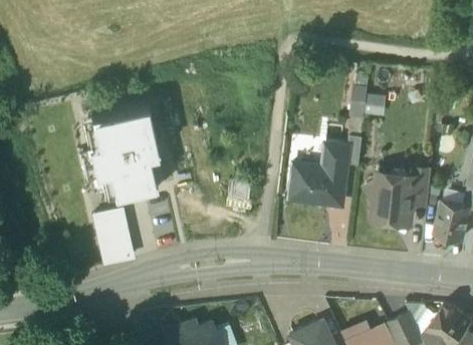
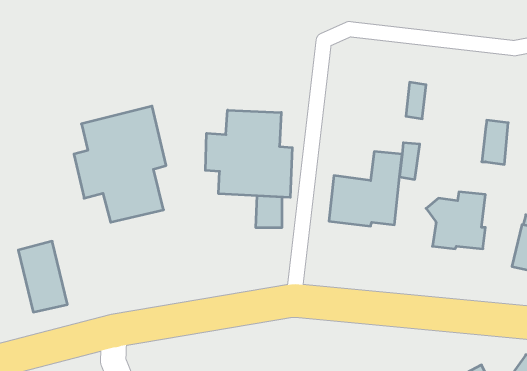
building: none -> [205,110,292,197]
building: [411,170,432,206] -> [482,120,508,164]
building: [93,209,133,265] -> [18,241,67,312]

